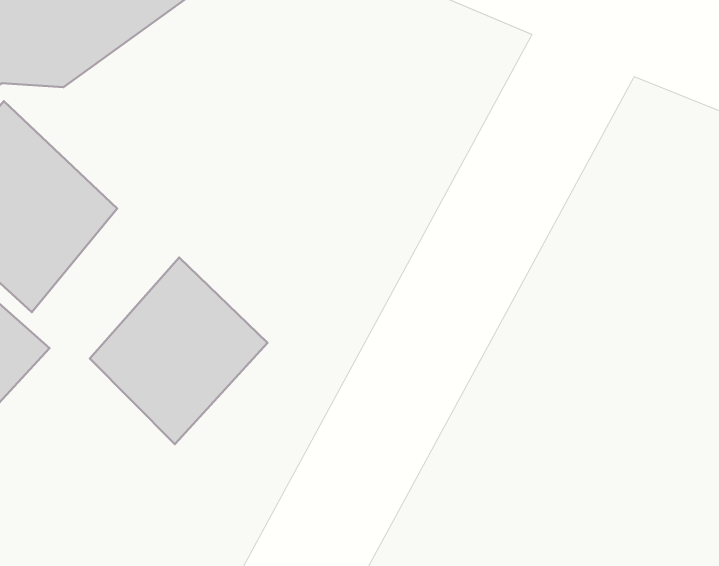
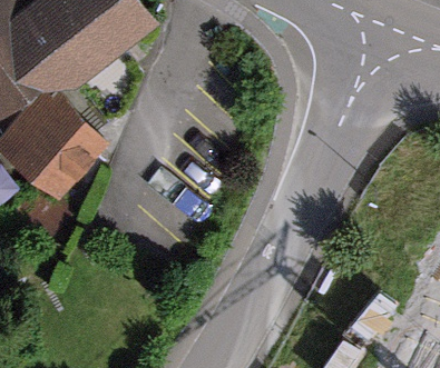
building: [90,257,268,444] -> none

